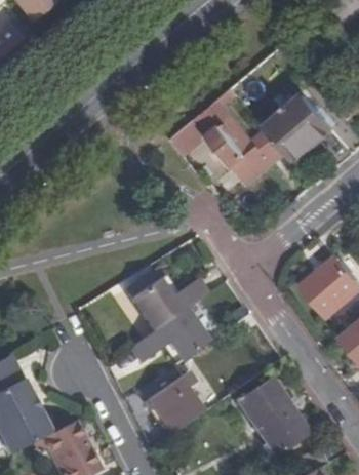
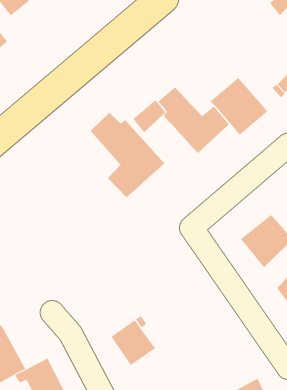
building: none -> [90,112,165,198]
building: [131,278,208,359] -> none
building: [241,375,311,452] -> none

